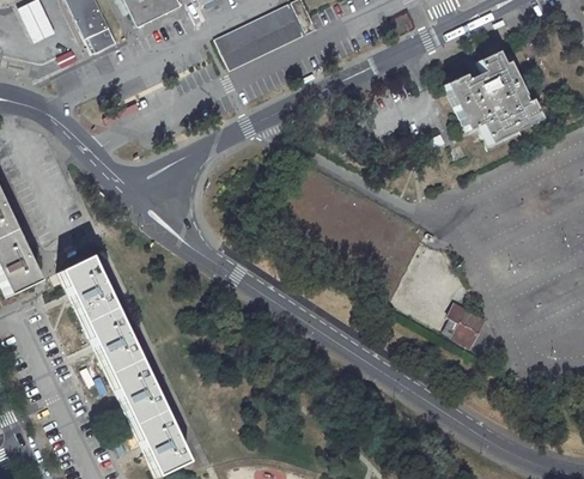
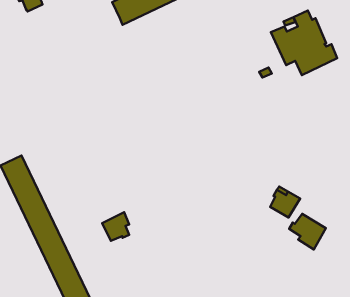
building: none -> [102,212,129,241]
building: none -> [289,214,326,249]

